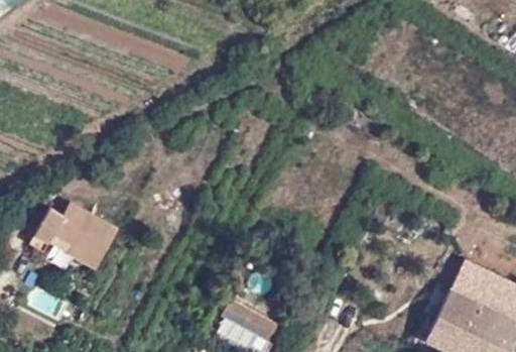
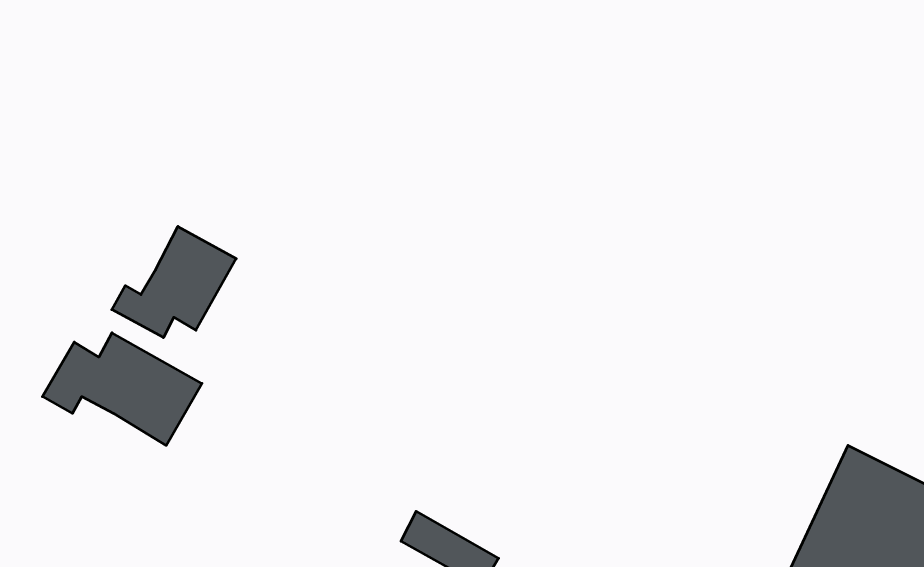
building: none -> [112,226,236,338]

